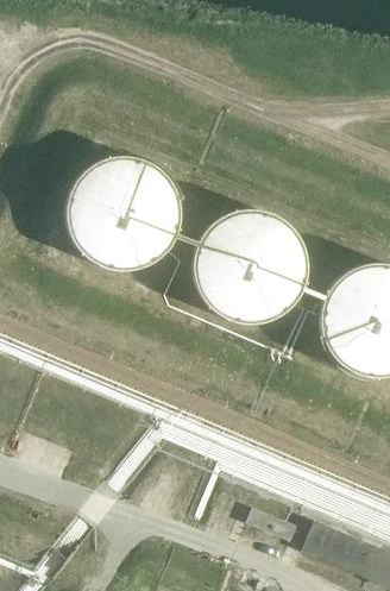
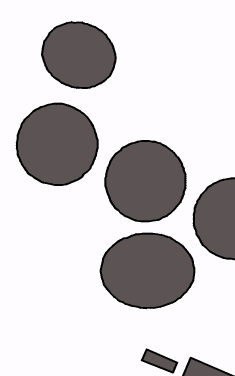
building: none -> [42,22,115,88]
building: none -> [101,234,194,308]

